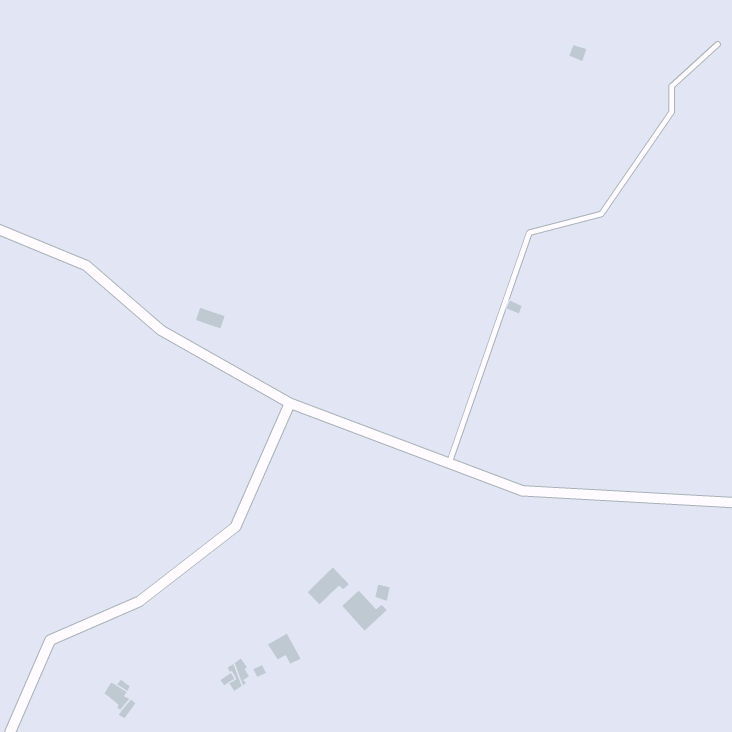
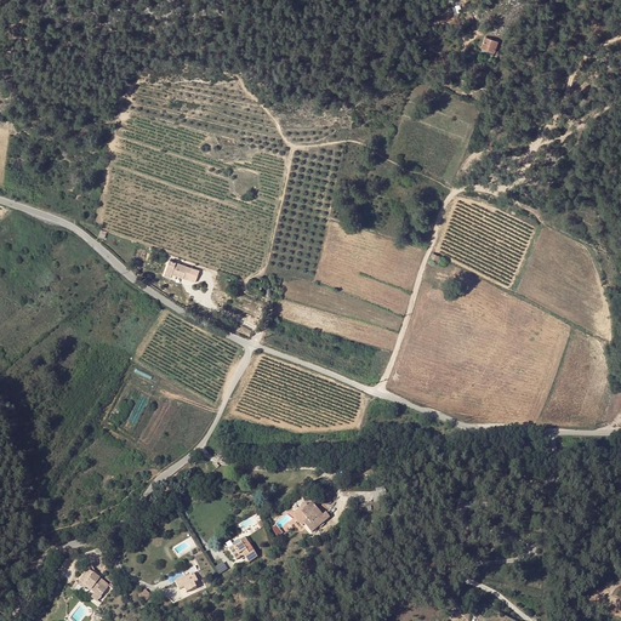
building: [307,566,350,605] -> none

